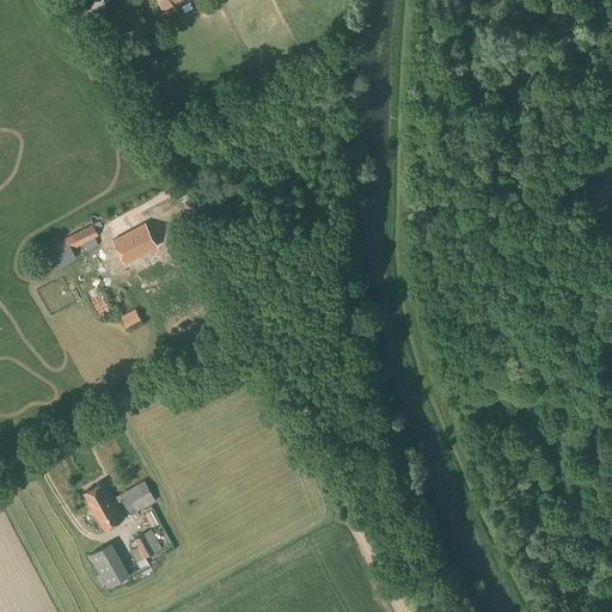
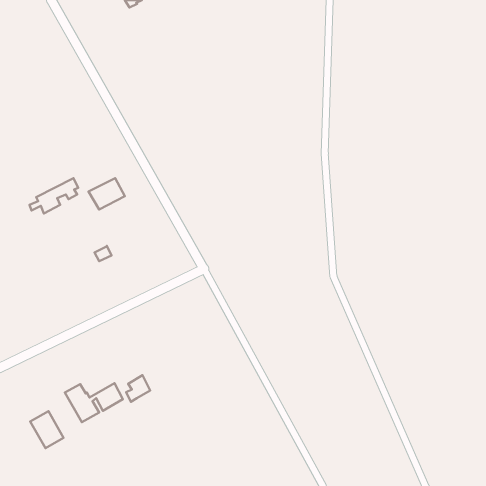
building: [130,530,160,563] -> [126,375,150,402]
building: [87,543,129,589] -> [30,411,64,448]

